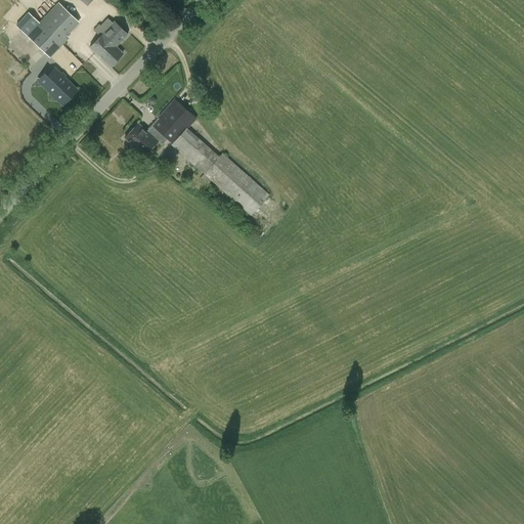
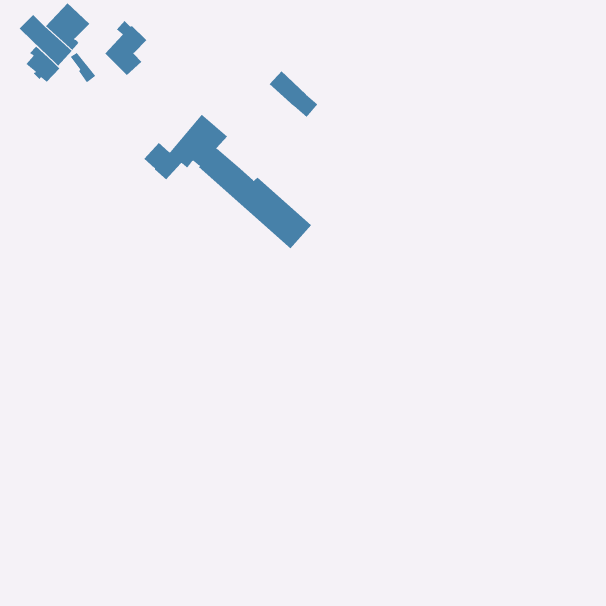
building: none -> [269,71,318,118]
building: [44,70,74,101] -> [26,46,60,83]

